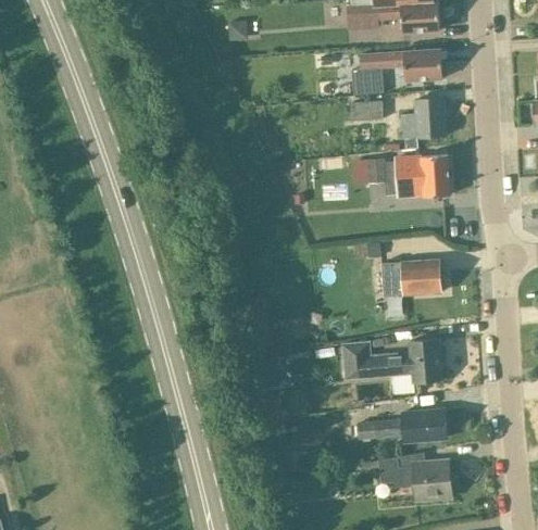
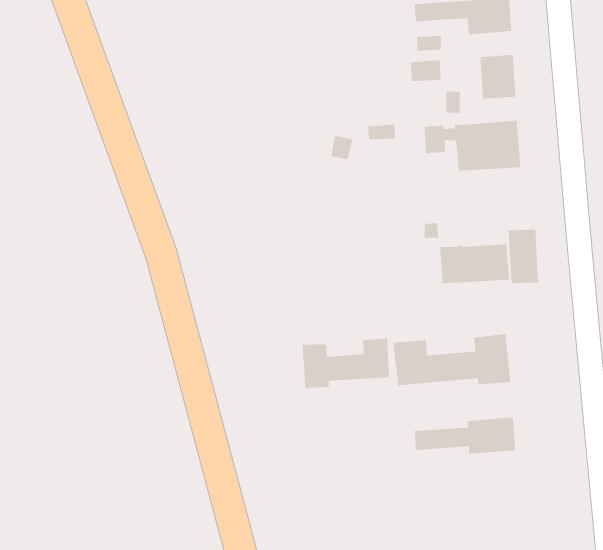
building: none -> [508,229,539,284]
building: none -> [302,338,390,389]
building: [380,458,452,500] -> none

